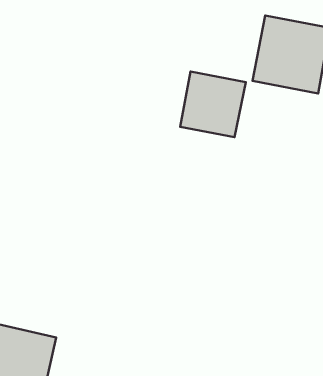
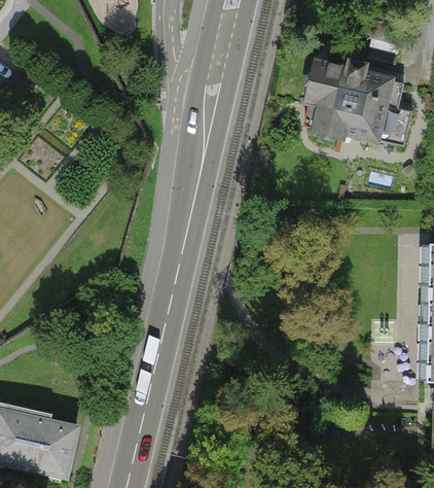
building: [180,71,246,137] -> none

